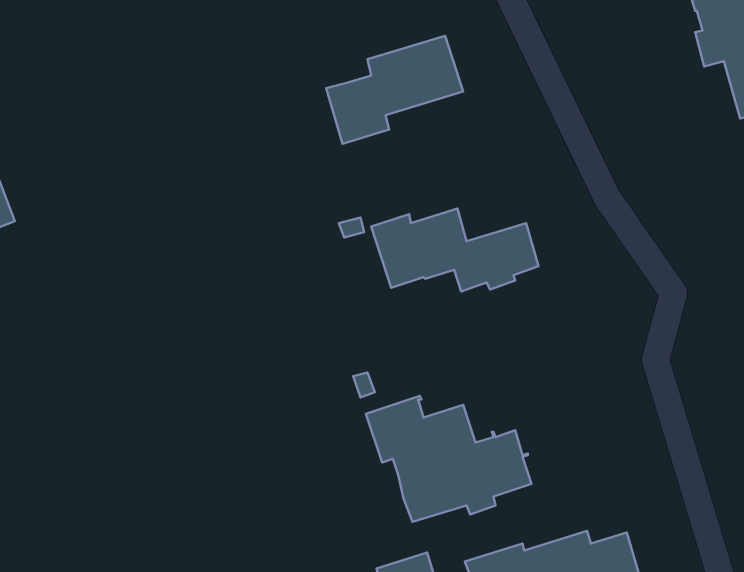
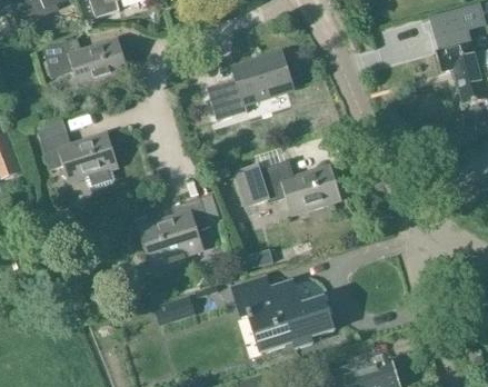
building: none -> [41,36,126,83]
building: none -> [39,130,117,188]
building: none -> [140,196,209,274]

